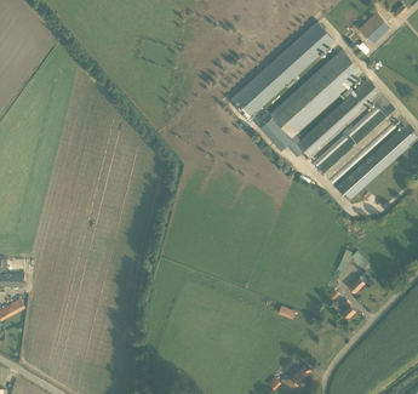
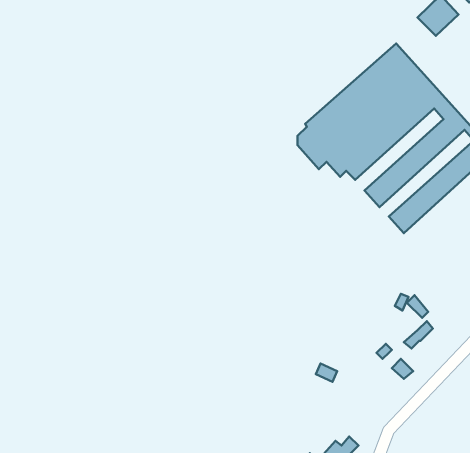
building: [234,25,333,116] -> none

